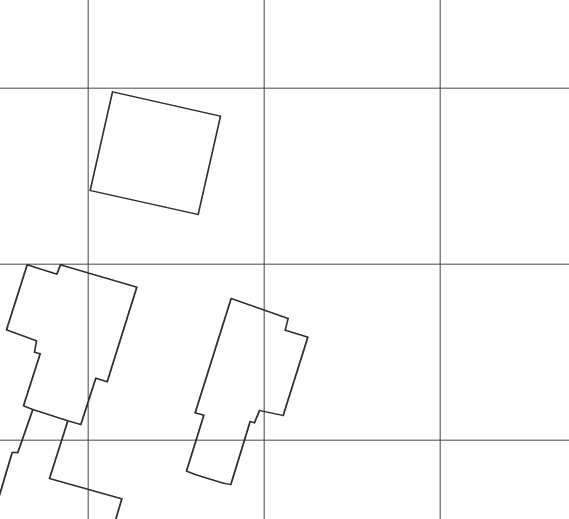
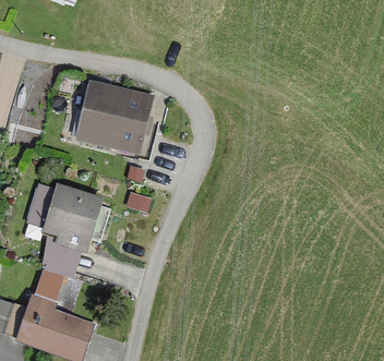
building: [187,299,308,485] -> none

